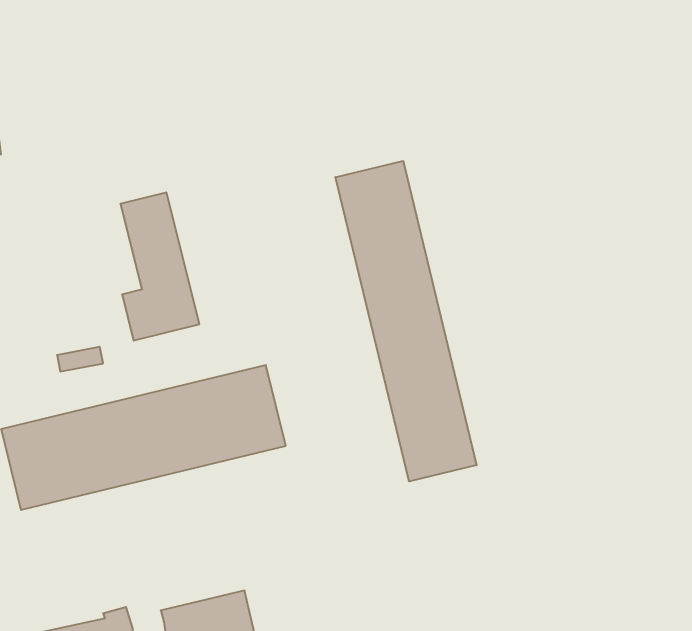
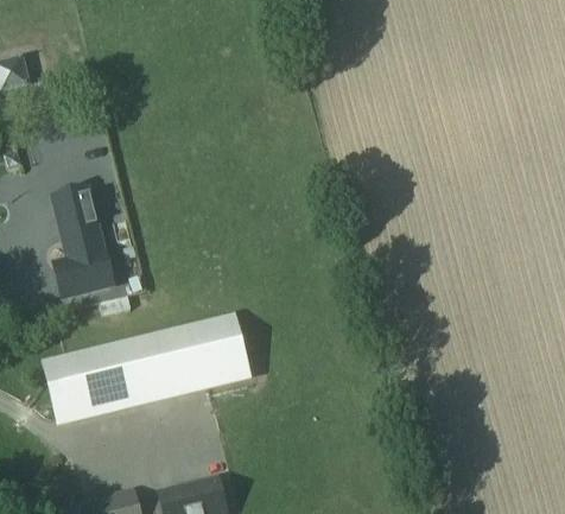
building: [335,161,477,481] -> none
building: [120,192,199,341] -> [53,192,110,299]

